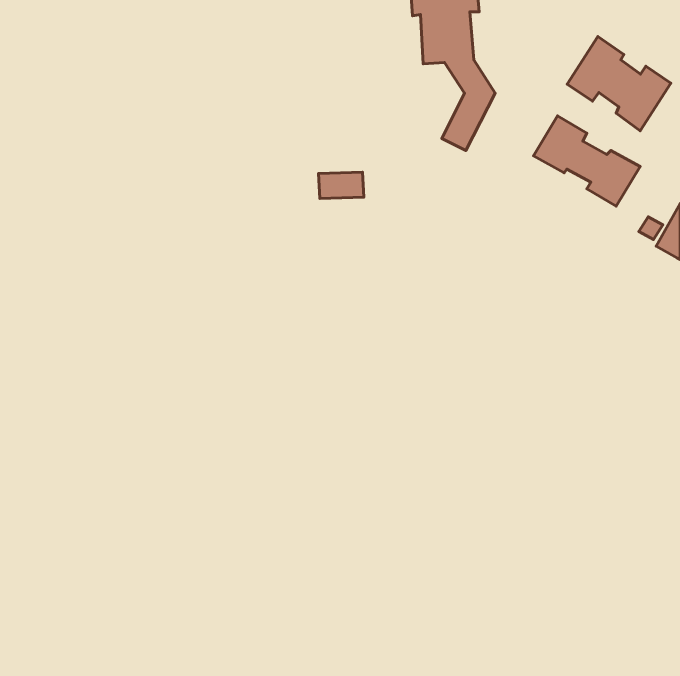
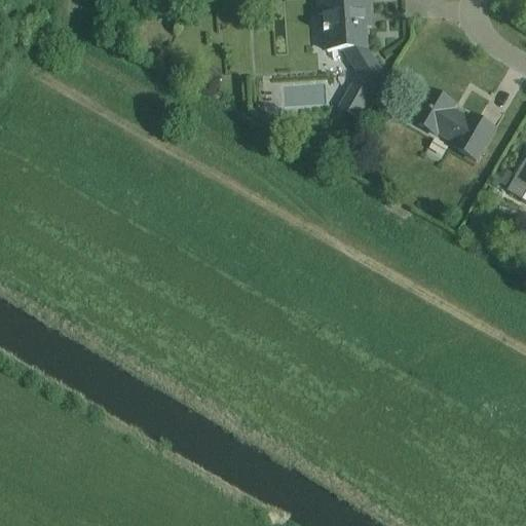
building: [567,36,671,131] -> none
building: [319,172,364,199] -> [293,83,328,104]

